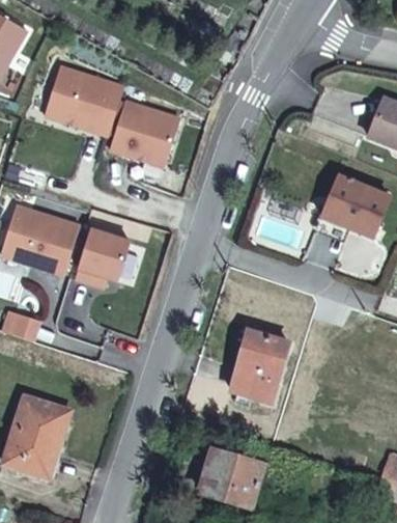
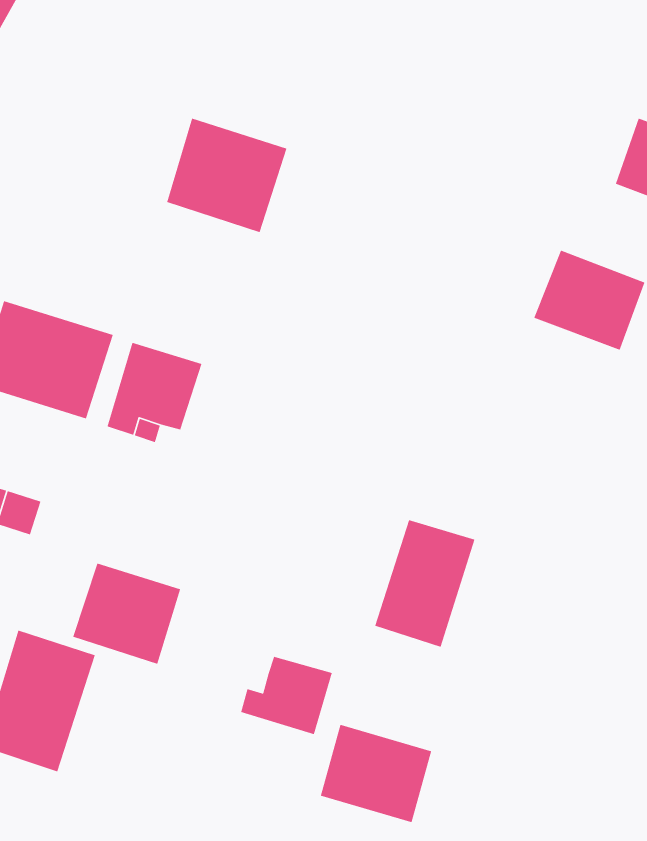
building: [45,65,123,135] -> none
building: none -> [72,562,181,665]
building: none -> [240,656,333,735]

